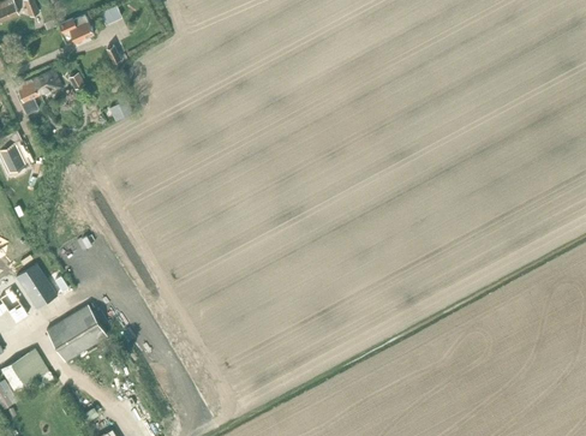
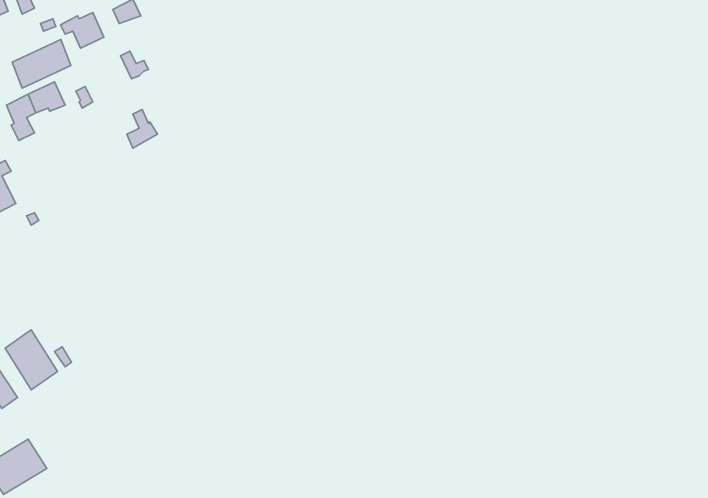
building: none -> [12,39,71,88]
building: [47,306,104,360] -> none

